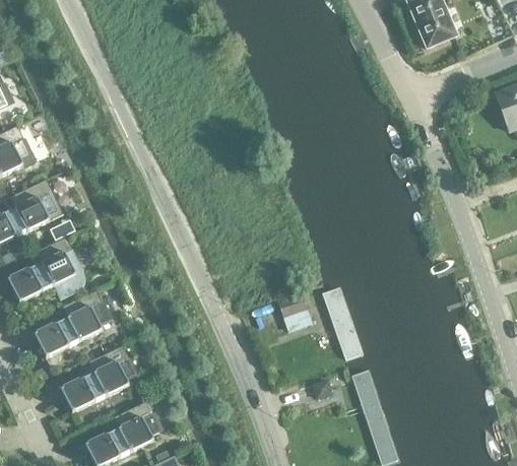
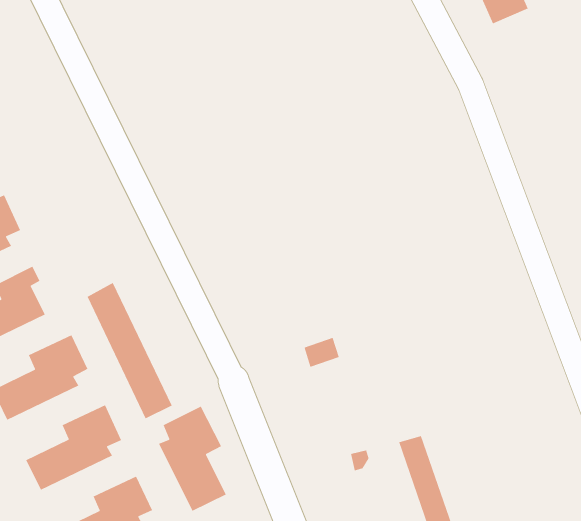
building: none -> [86,282,173,419]
building: [322,287,362,358] -> none
building: none -> [158,406,227,512]

